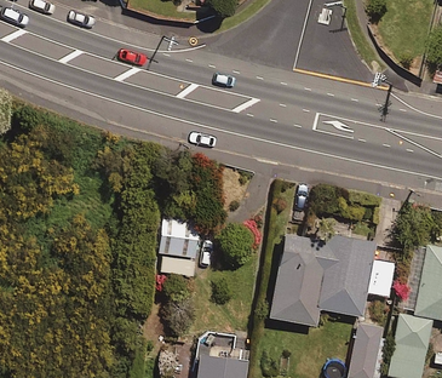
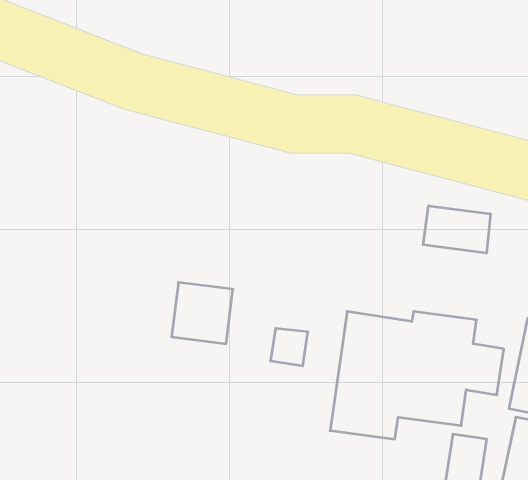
building: none -> [423,206,490,253]

